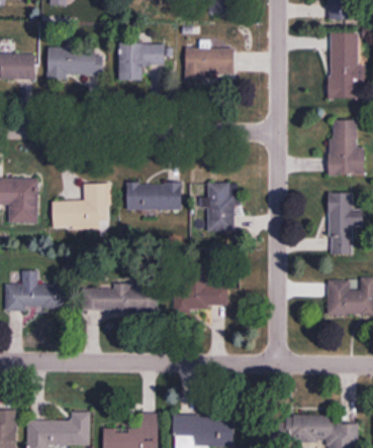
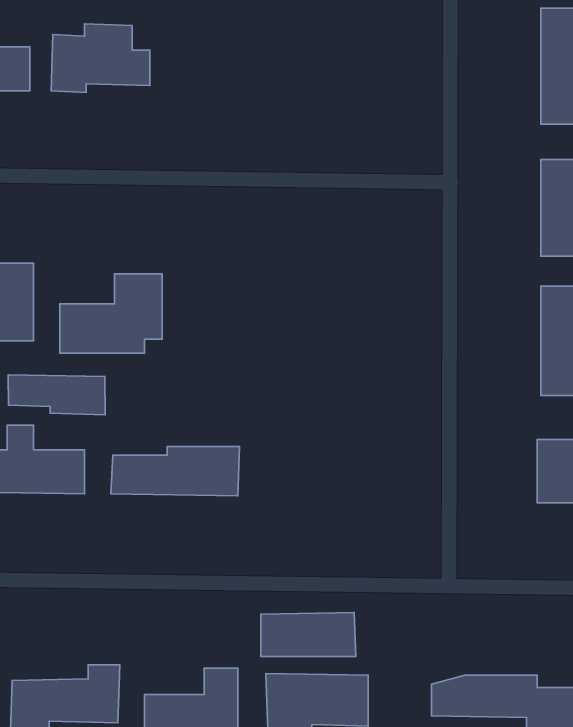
building: [120,43,164,82] -> none
building: [184,47,234,82] -> none
building: [205,182,235,231] -> none
building: [127,183,181,210] -> none
building: none -> [8,375,105,415]
building: [173,285,227,310] -> [261,613,356,657]

